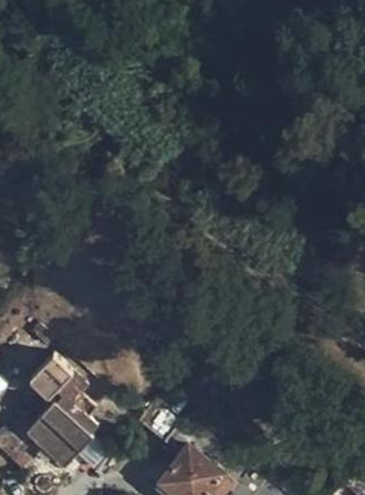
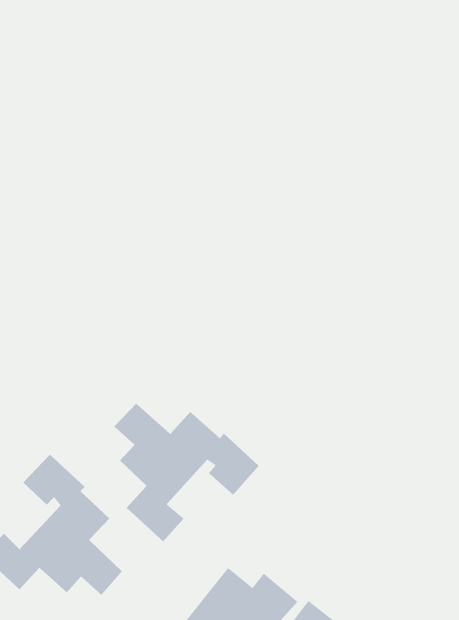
building: none -> [113,403,260,542]

